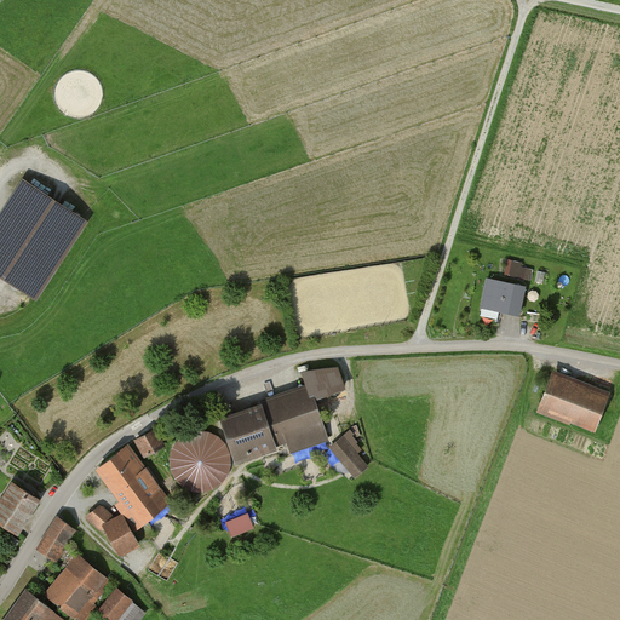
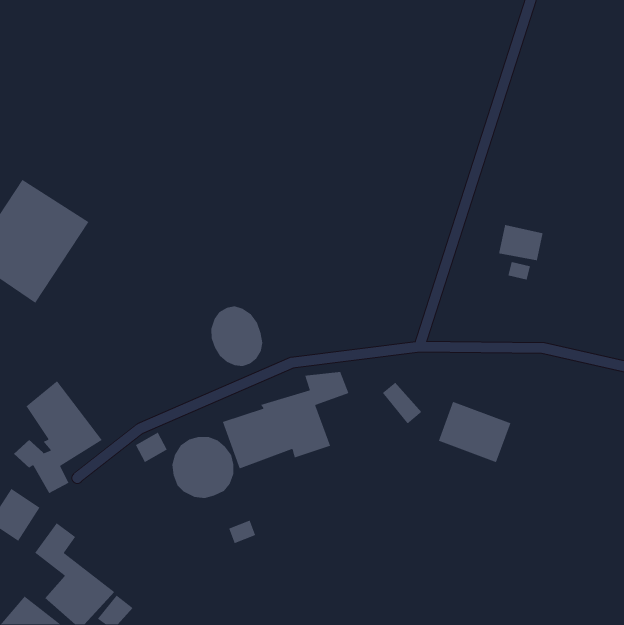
building: [480,279,524,315] -> [498,224,544,261]
building: none -> [211,306,263,367]
building: [538,371,610,432] -> [438,401,511,463]
building: [328,436,368,478] -> [382,382,422,425]
building: [84,444,172,557] -> [13,380,103,494]

